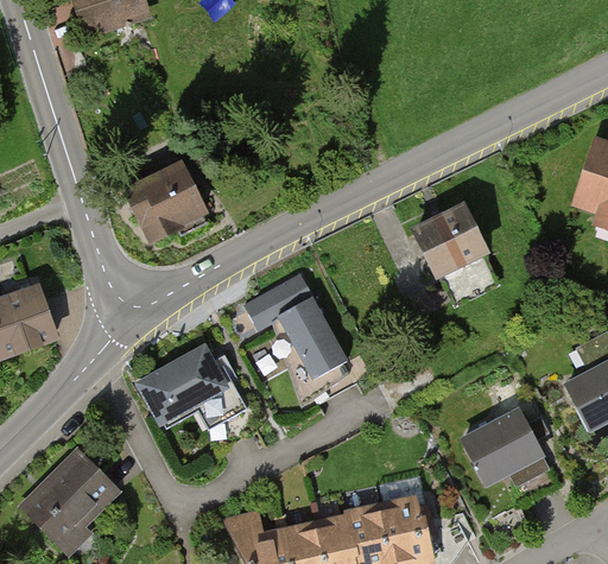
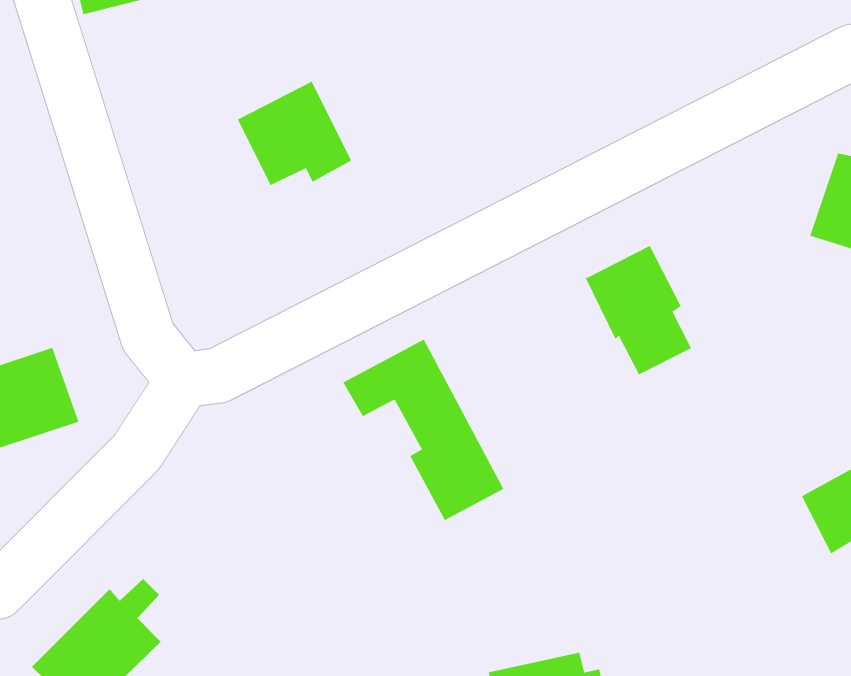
building: [128,165,210,240] -> [237,81,352,186]
building: [139,356,248,423] -> none
building: [463,411,543,483] -> none

